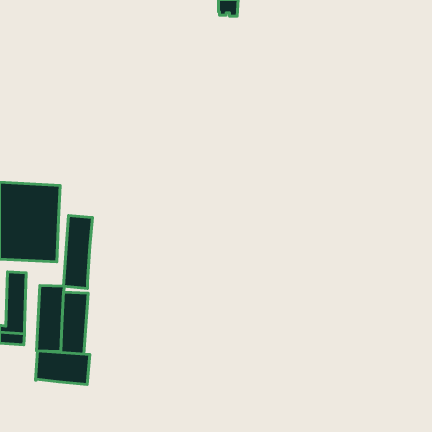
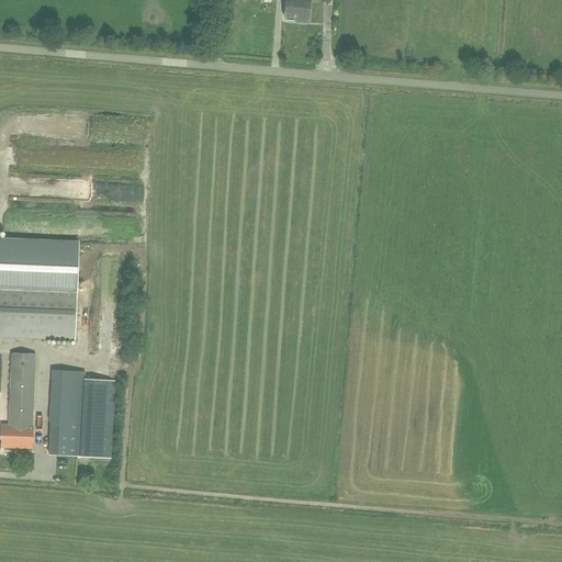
building: [63,215,92,288] -> none
building: [36,351,90,385] -> none

